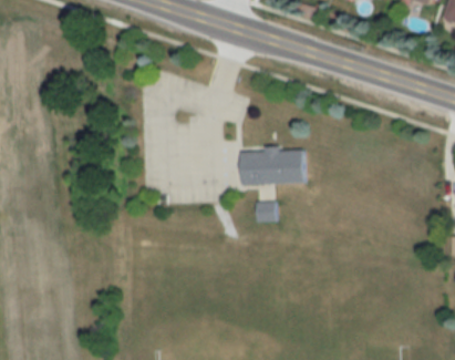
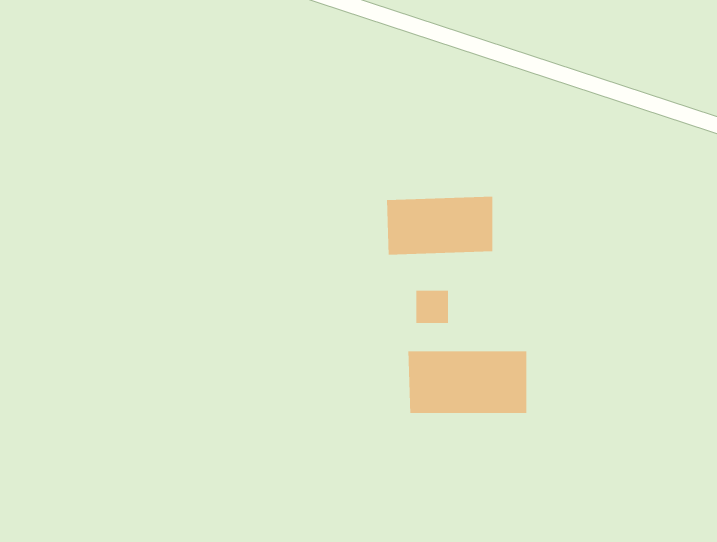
building: none -> [408,350,527,414]

